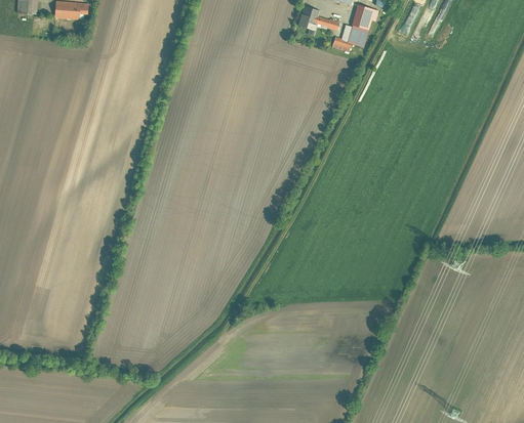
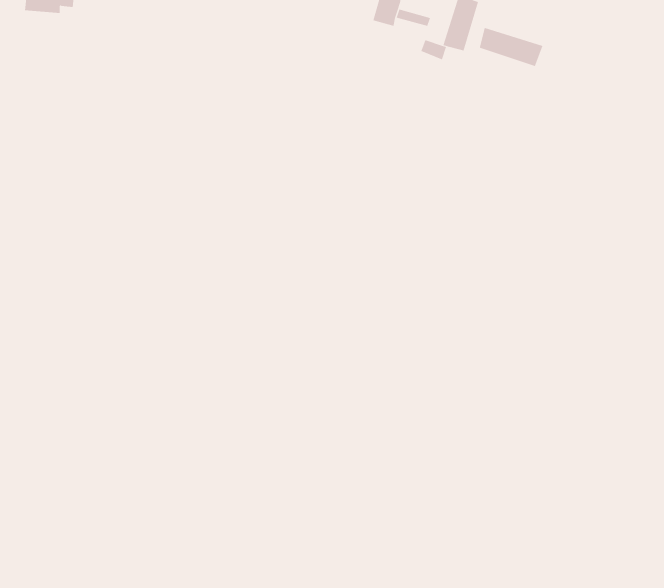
building: none -> [479,27,543,67]

